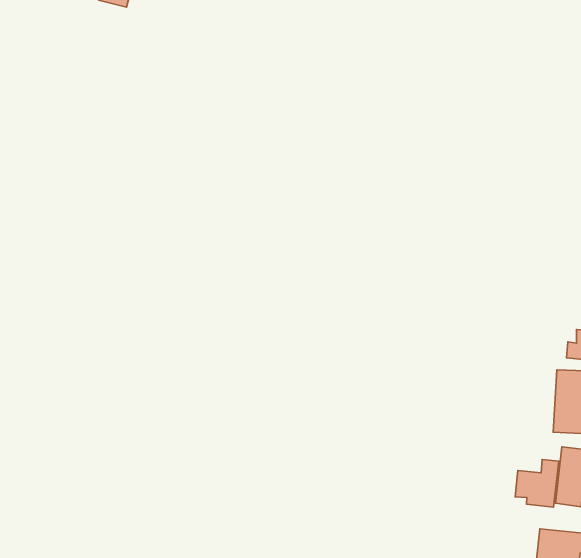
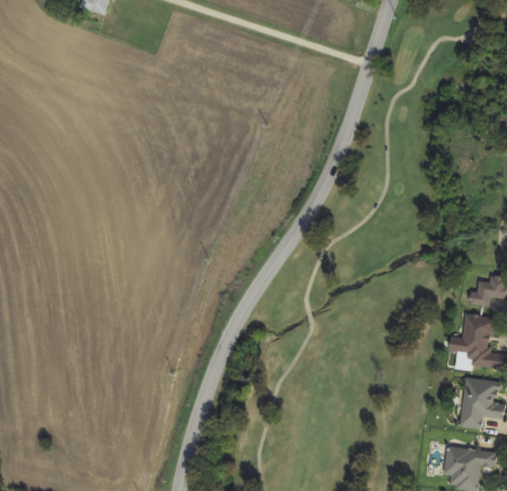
building: [515,460,559,507] -> none

